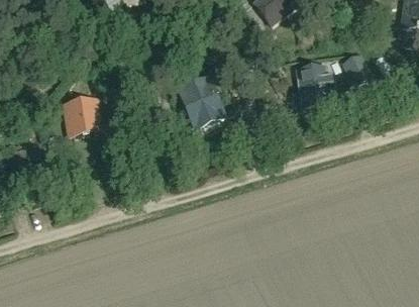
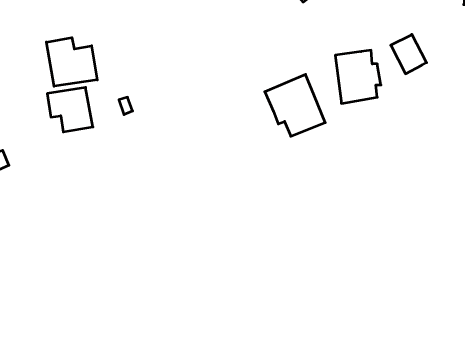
building: none -> [46,38,97,86]
building: [175,74,224,124] -> [265,74,325,136]

